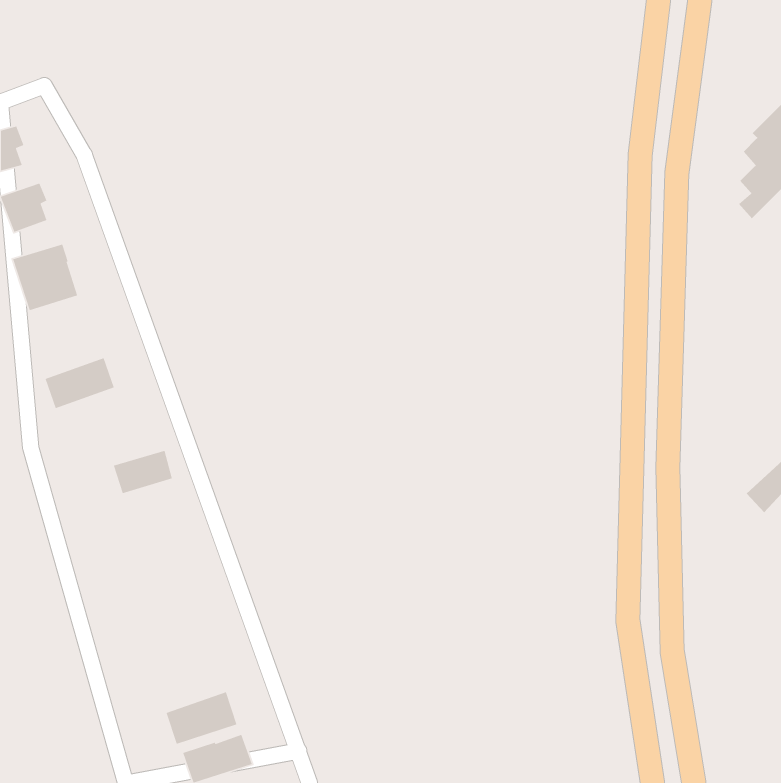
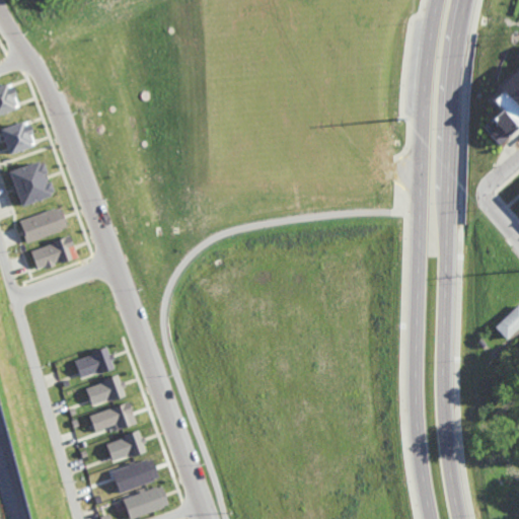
building: none -> [19,207,68,242]
building: [113,450,173,494] -> [74,349,114,378]
building: none -> [85,375,126,406]
building: none -> [89,402,135,432]
building: none -> [105,432,146,461]

